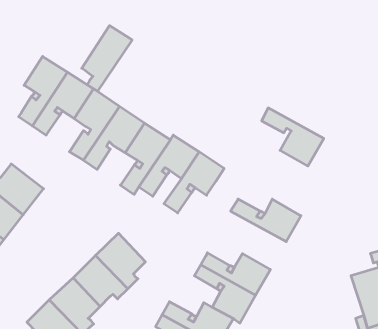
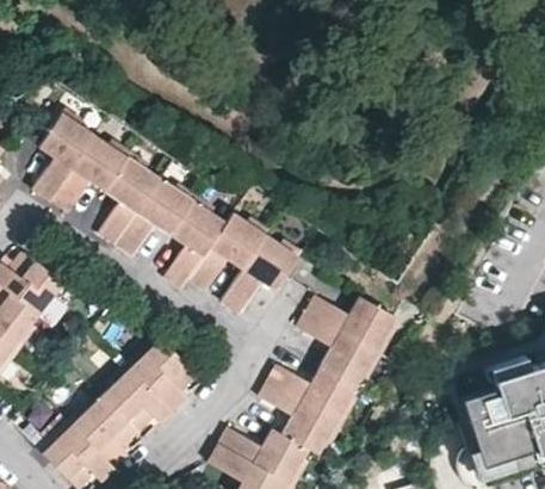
building: [82,26,132,91] -> none
building: [262,108,324,166] -> [296,311,376,386]

